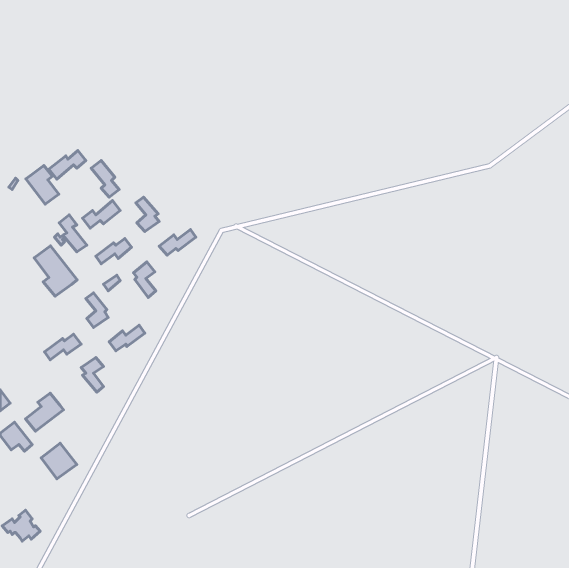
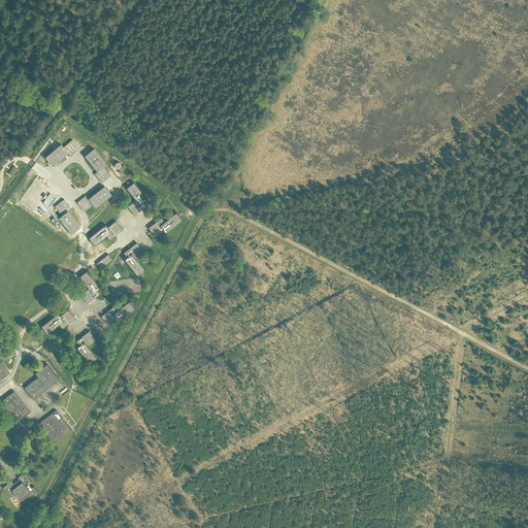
building: [26,166,59,204] -> none
building: [34,246,77,296] -> none

